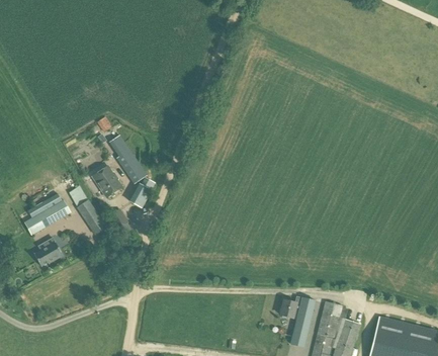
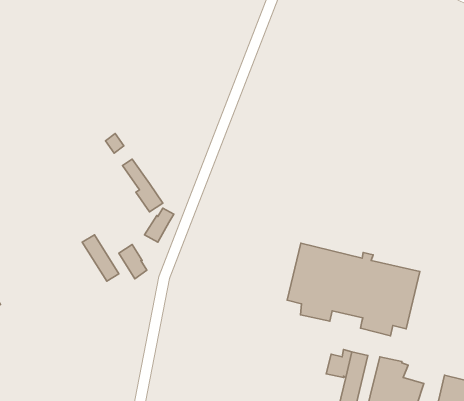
building: [92,164,121,196] -> none
building: [24,198,72,235] -> none
building: none -> [287,243,420,336]
building: [34,237,63,265] -> none

